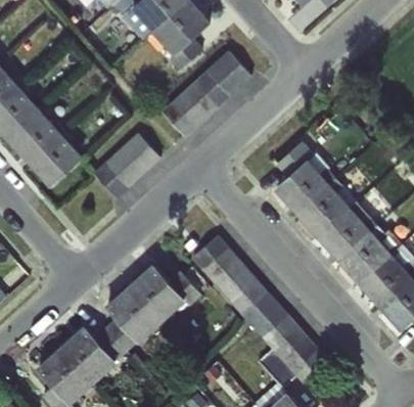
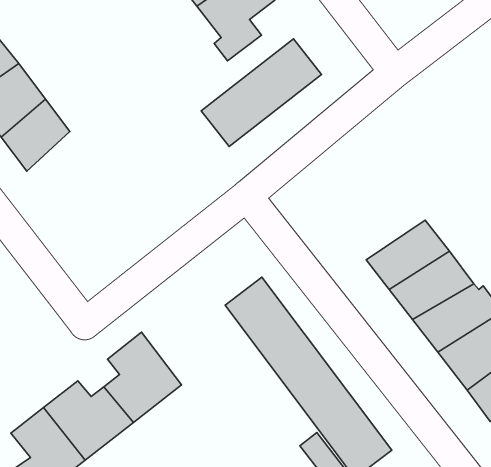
building: [93,133,160,199] -> none
building: [32,135,83,187] -> none
building: [273,141,339,216] -> none
building: [129,263,201,322] -> none

